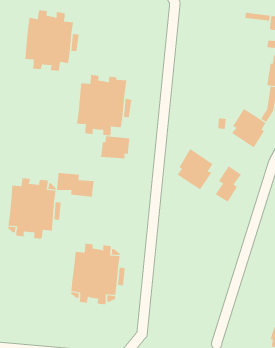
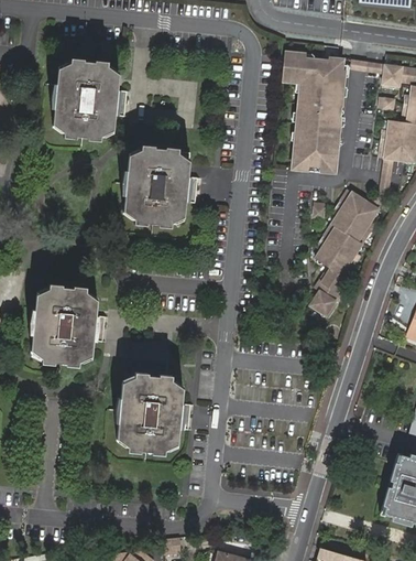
building: none -> [281,52,344,174]
building: [100,135,130,159] -> none
building: [177,148,214,190] -> [314,224,363,280]
building: [57,172,94,197] -> none

